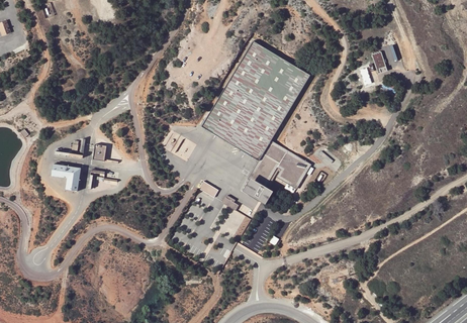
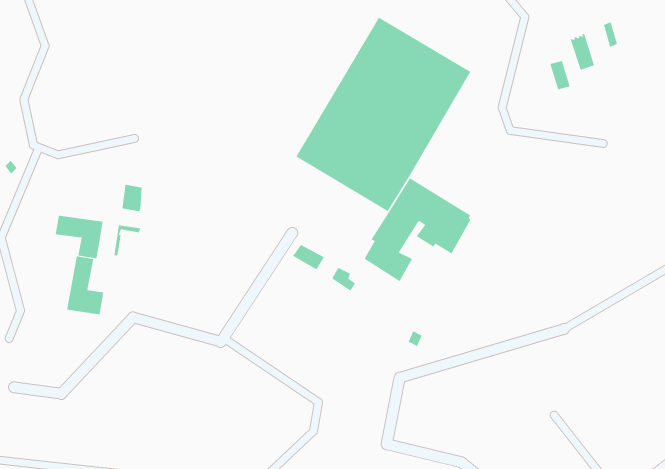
building: none -> [67,256,104,315]

